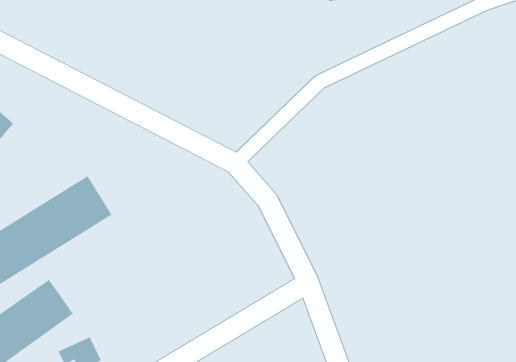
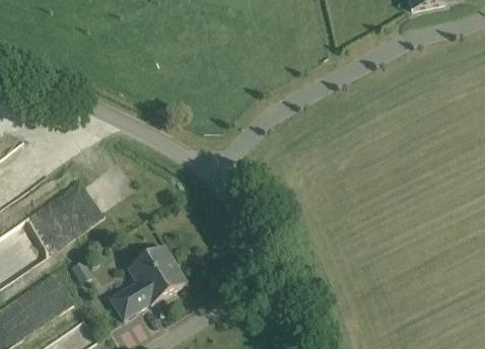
building: none -> [109,246,186,320]

